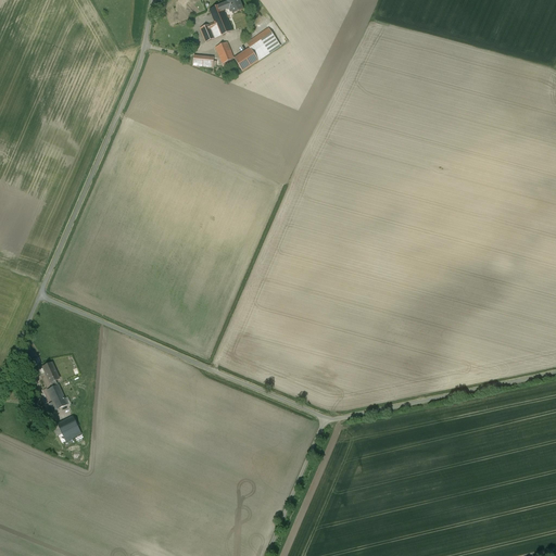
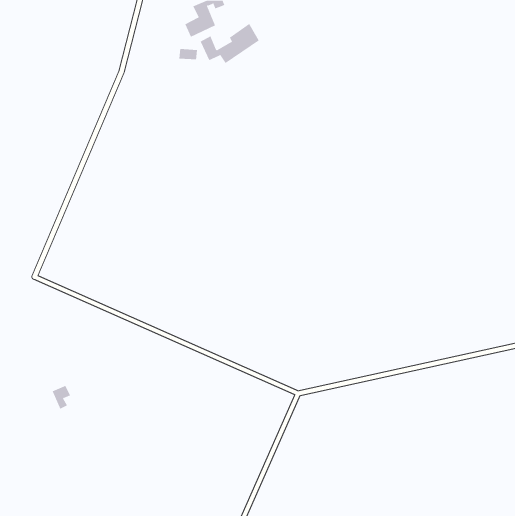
building: [40,359,67,410] -> none

